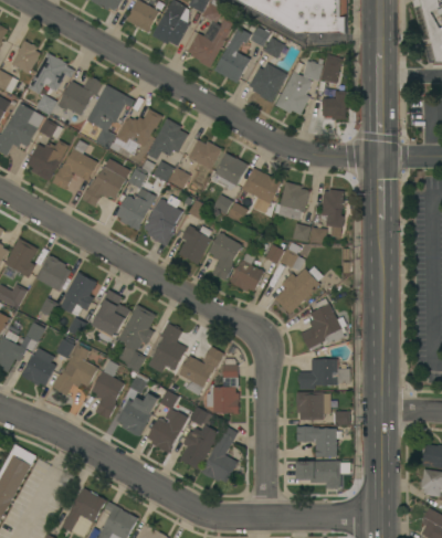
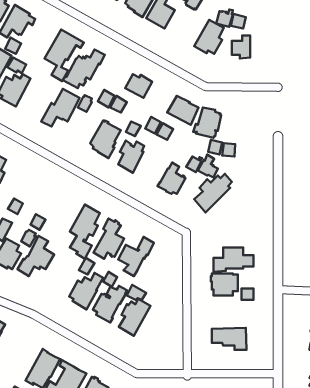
building: [248,63,286,103] -> none
building: [57,76,102,116] -> none
building: [146,118,187,160] -> none
building: [51,140,97,190] -> none
building: [211,152,248,190] -> none
building: [115,188,155,231] -> none
building: [320,189,345,238] -> none
building: [208,232,241,281] -> none
building: [34,255,71,292] -> none
building: [60,272,96,316] -> none
building: [92,289,129,338] -> none
building: [299,298,346,351] -> none
building: [206,359,238,414] -> none
building: [91,360,125,420] -> none
building: [200,425,238,483] -> none
building: [296,426,340,456] -> none

